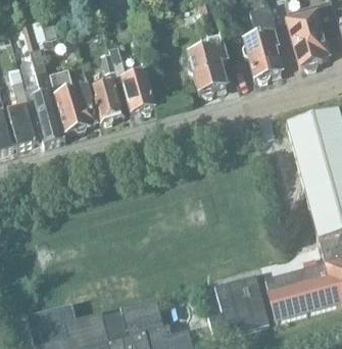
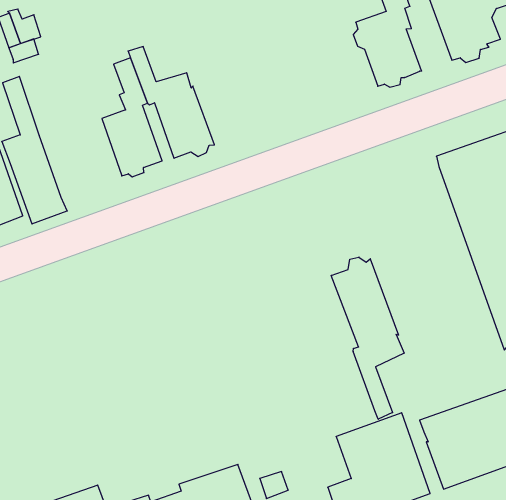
building: [187,34,227,96] -> none
building: [49,69,96,131] -> none
building: none -> [331,257,404,419]

